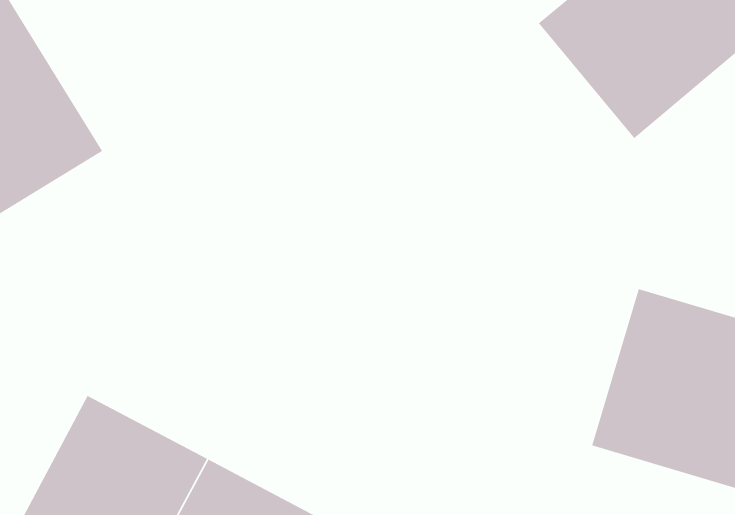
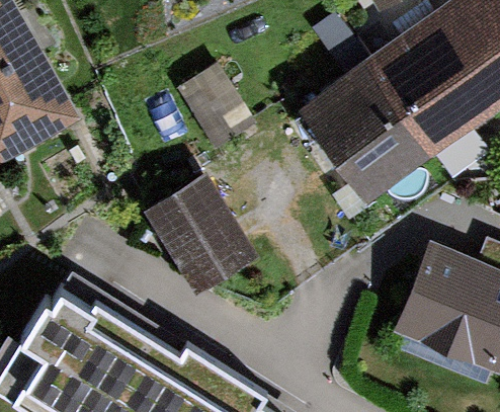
building: none -> [312,59,427,179]
building: none -> [177,68,255,153]
building: none -> [146,169,253,283]

